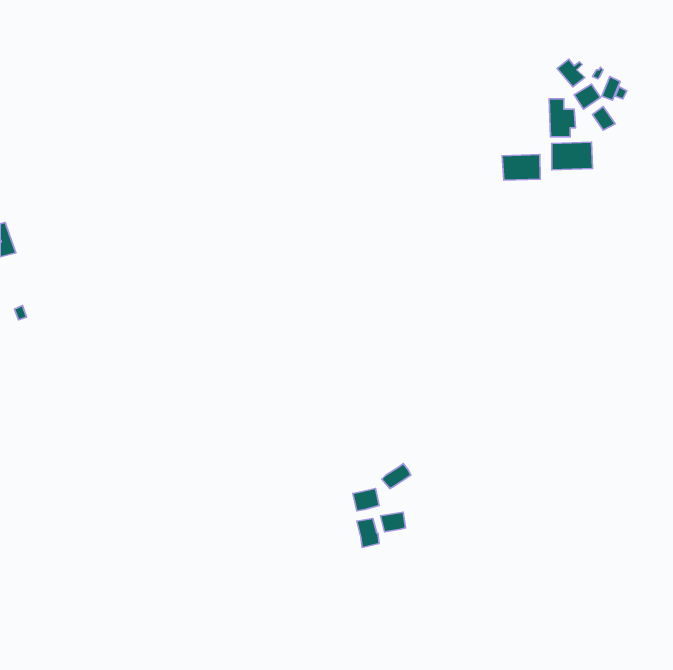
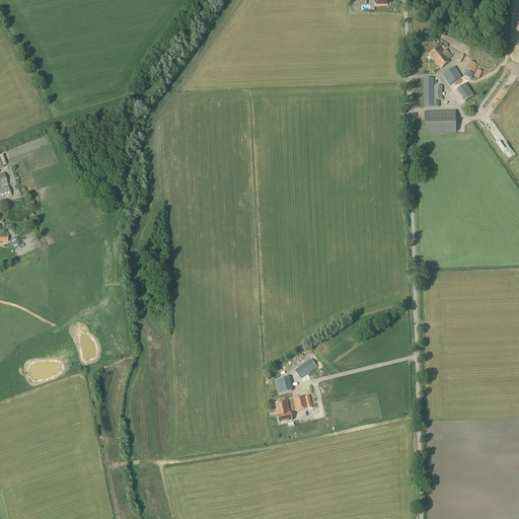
building: [502,155,540,180] -> none

